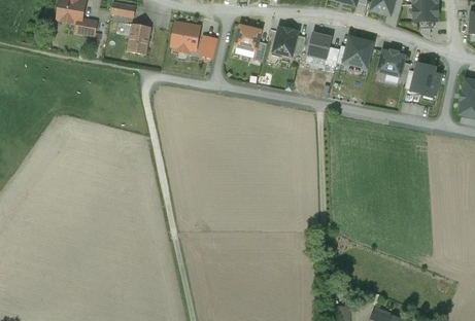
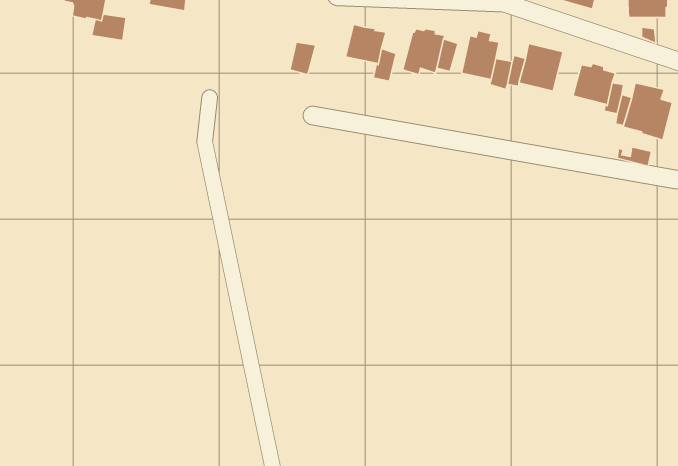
building: [171,22,198,52] -> none
building: [128,24,150,55] -> none

